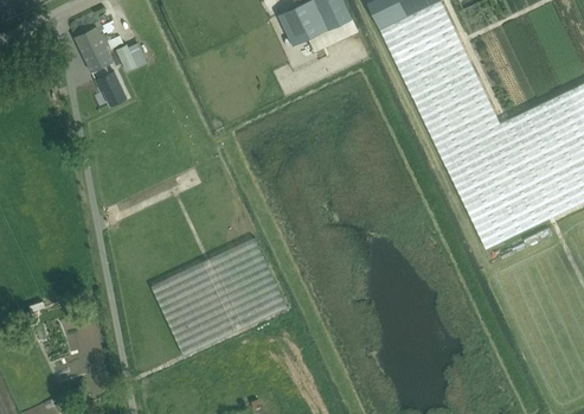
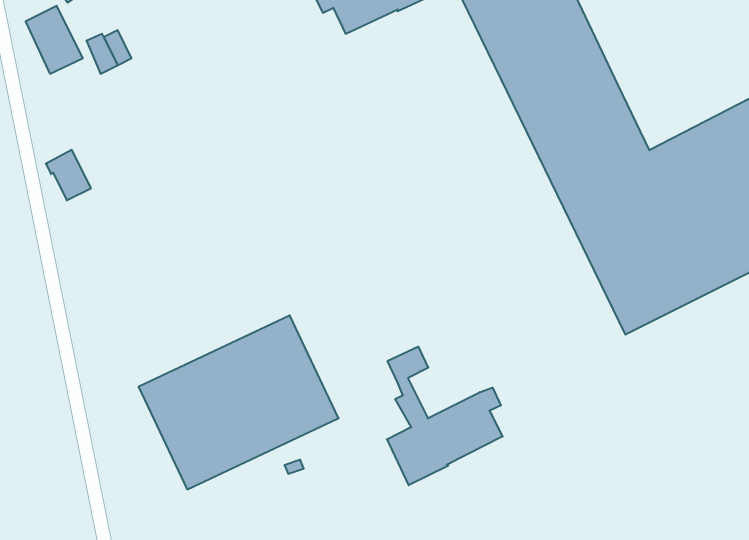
building: [97,71,128,106] -> [46,150,91,200]
building: none -> [387,347,503,485]

